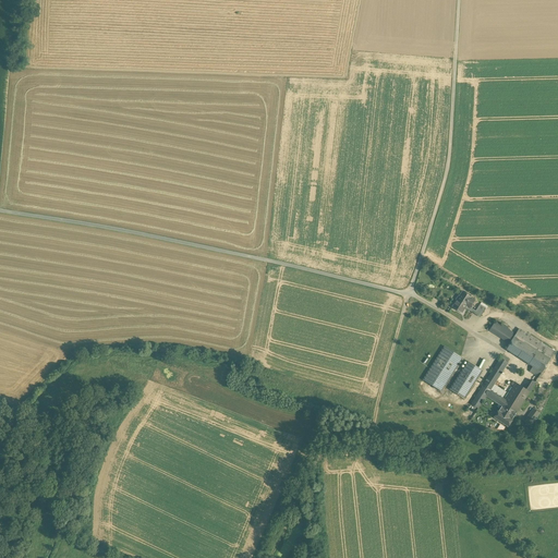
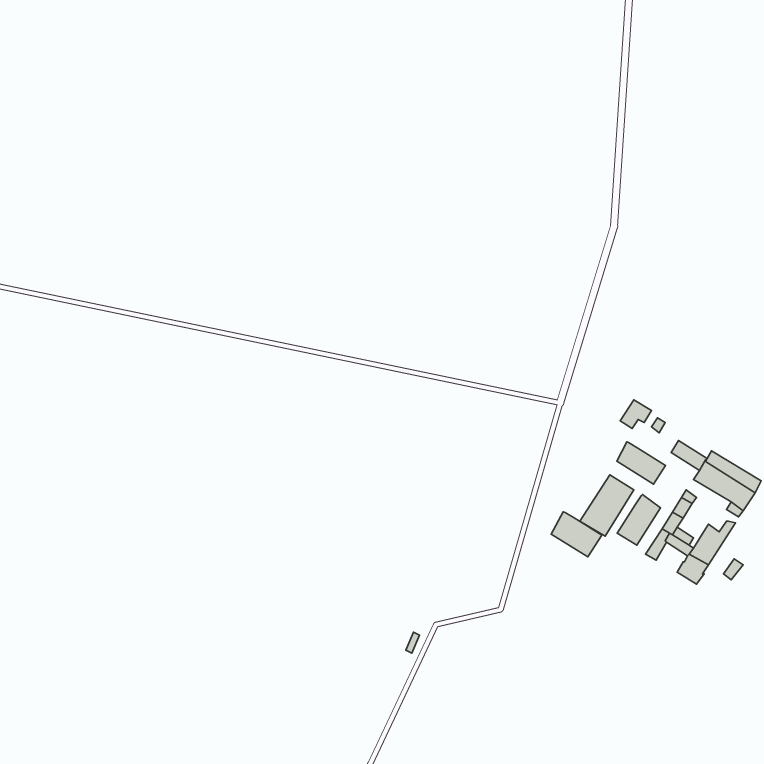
building: none -> [617,442,665,484]
building: none -> [551,512,602,557]

